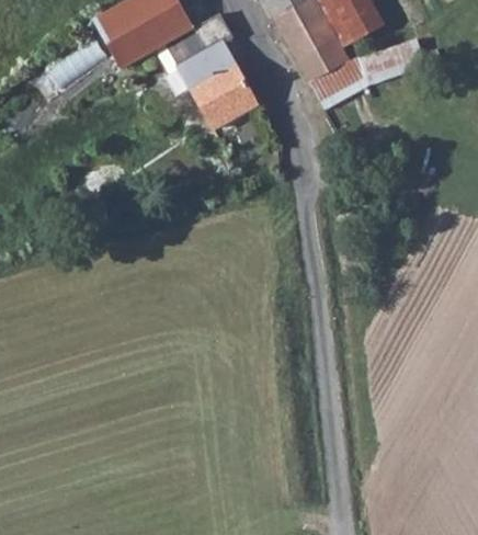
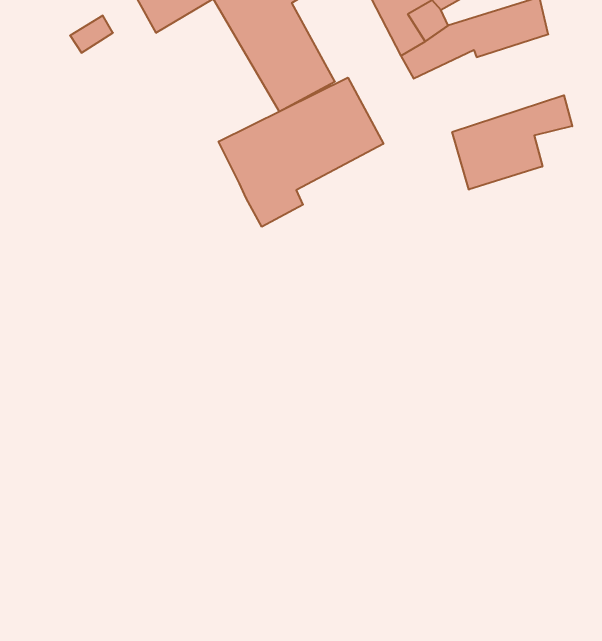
building: none -> [219,78,383,227]
building: none -> [452,95,572,190]

